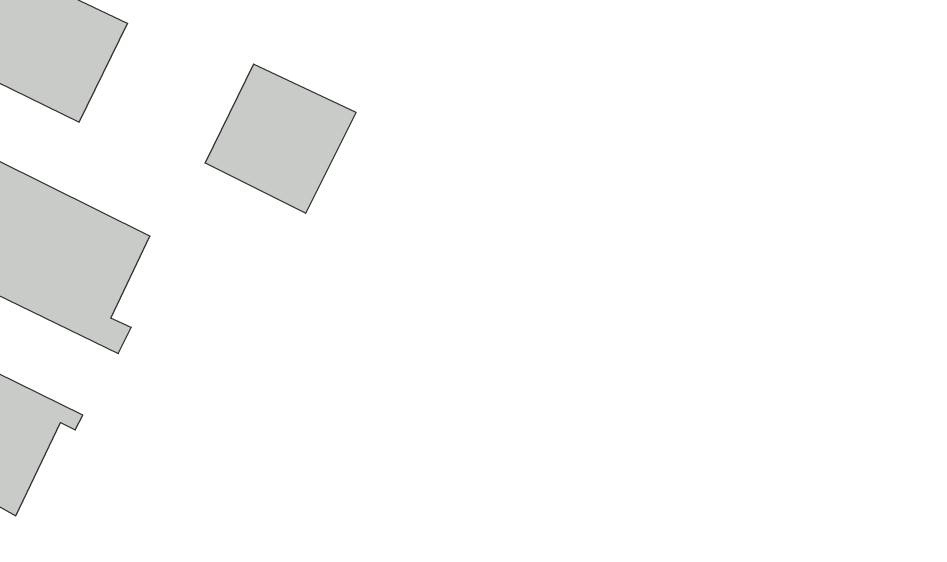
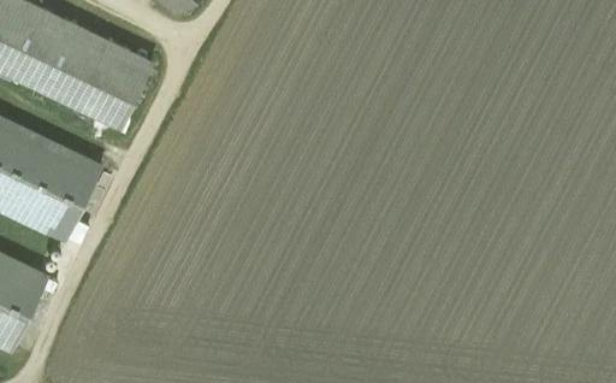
building: [205,64,356,213] -> [54,30,152,126]

